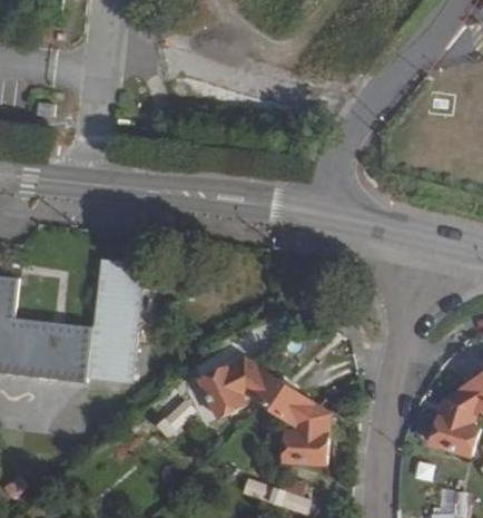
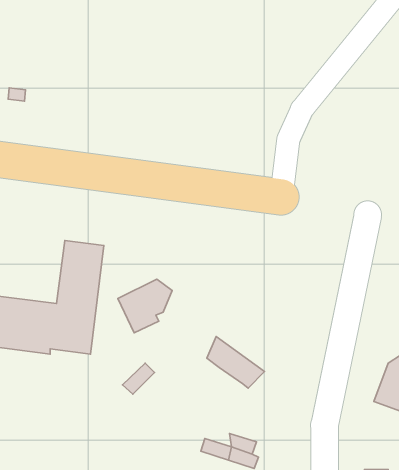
building: [204,355,263,413] -> [118,279,172,333]
building: [287,405,328,462] -> none

